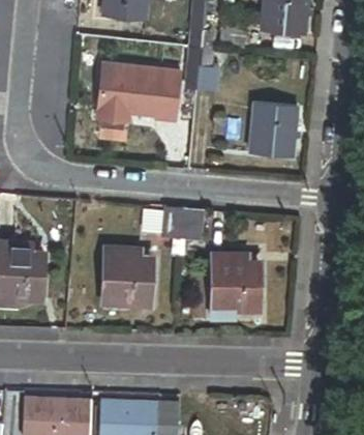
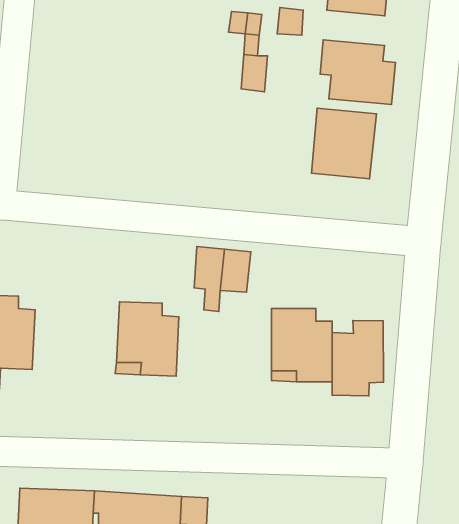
building: none -> [320,40,395,105]
building: [93,73,179,125] -> none
building: none -> [332,321,383,396]

